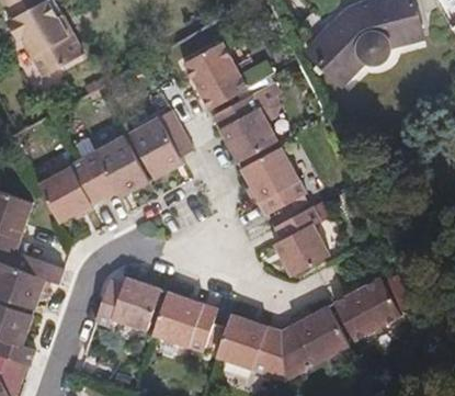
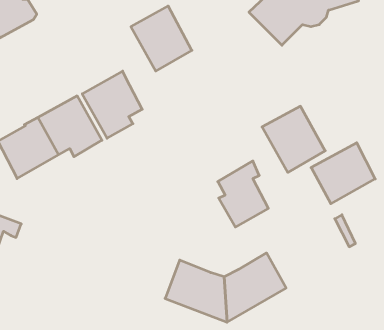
building: [211,94,276,163] -> none
building: [239,147,306,217] -> [262,106,325,172]
building: [95,272,164,326] -> none
building: [332,273,400,338] -> [311,143,375,204]
building: [155,287,218,348] -> none

